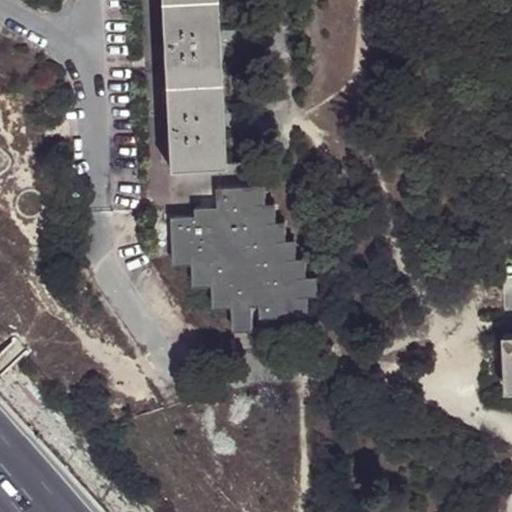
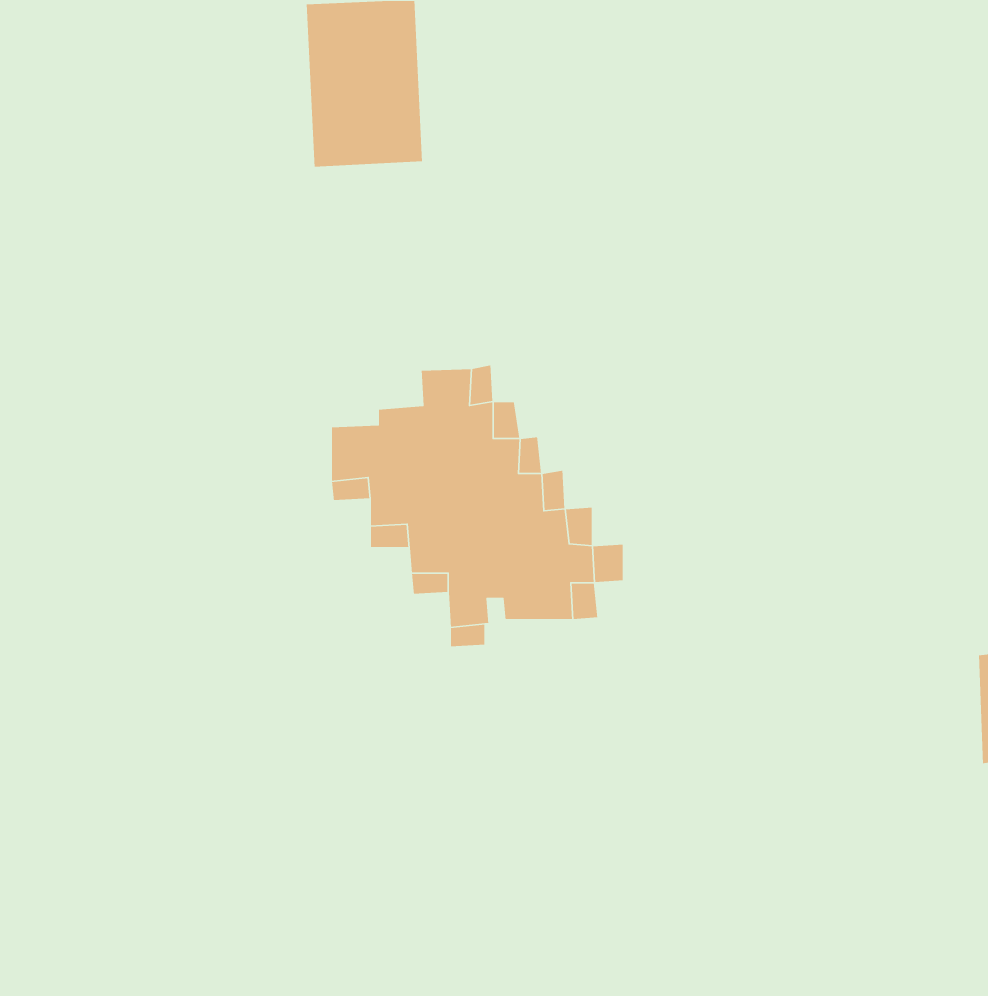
building: [165,83,226,170] -> none

